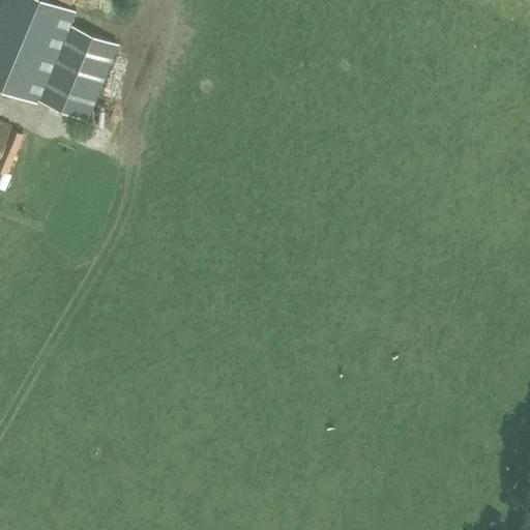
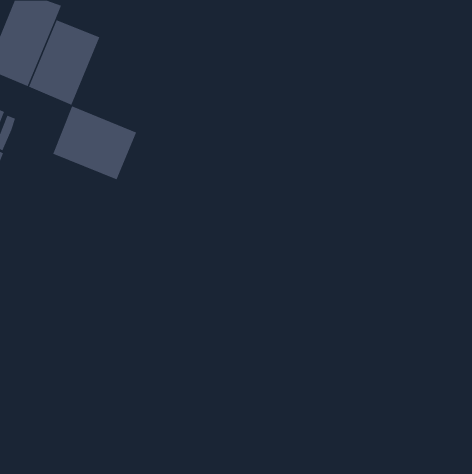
building: none -> [52,105,137,180]

